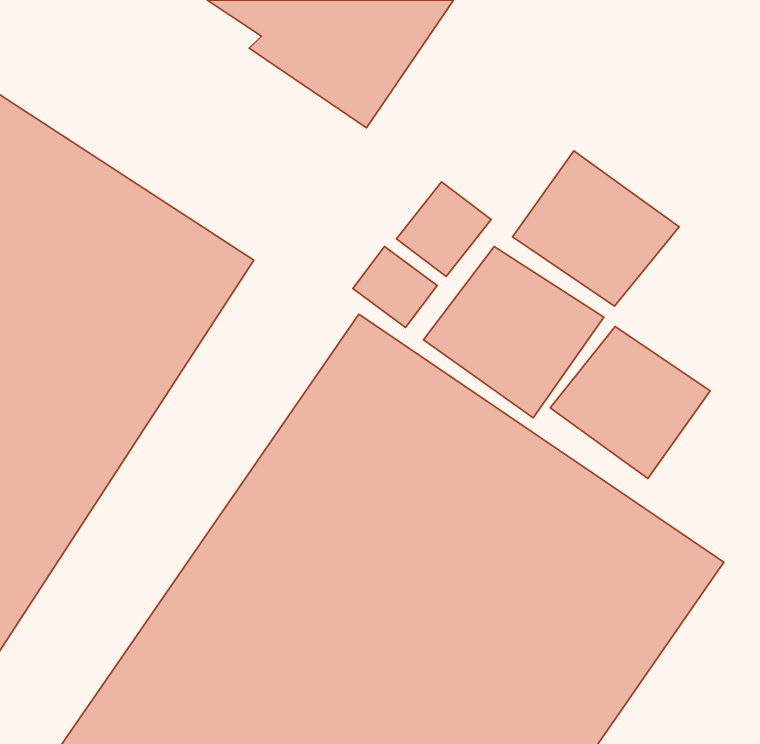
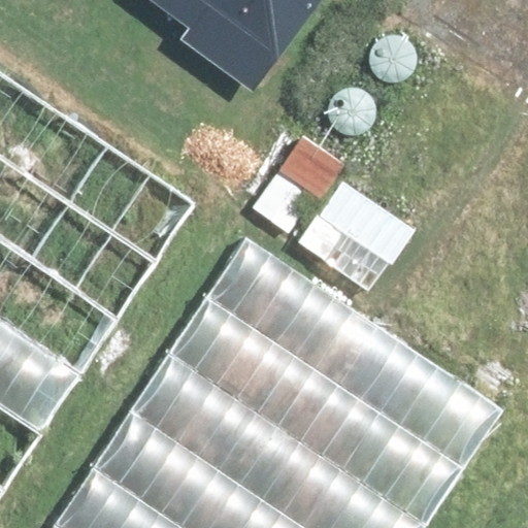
building: [512,151,679,306] -> none
building: [550,327,710,478] -> none

